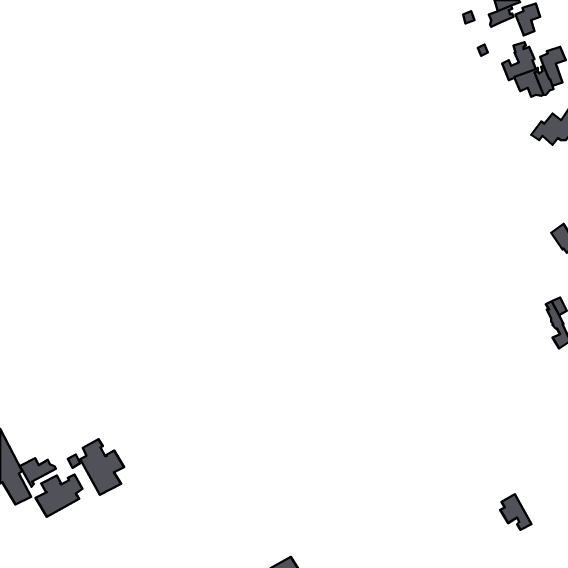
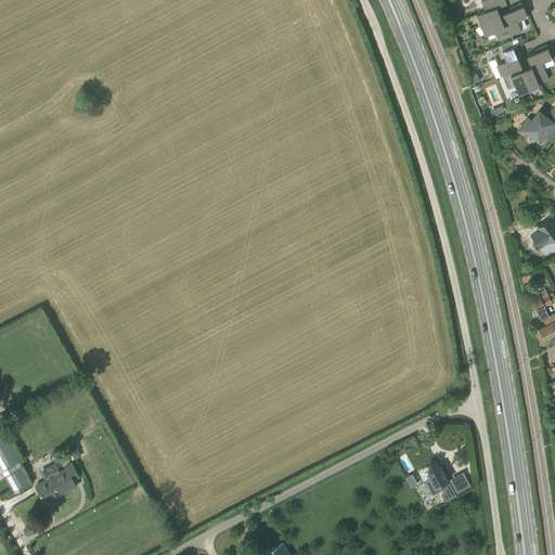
building: none -> [479,12,511,40]
building: [80,439,124,495] -> none
building: [20,458,56,487] -> none
building: [500,494,531,530] -> [427,467,457,502]

